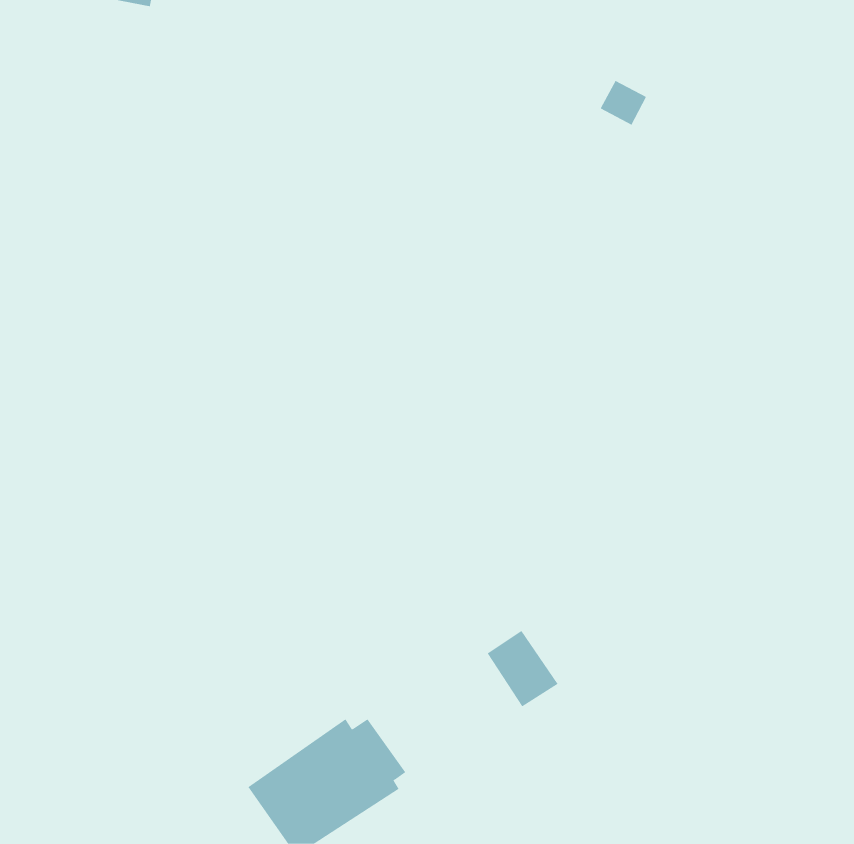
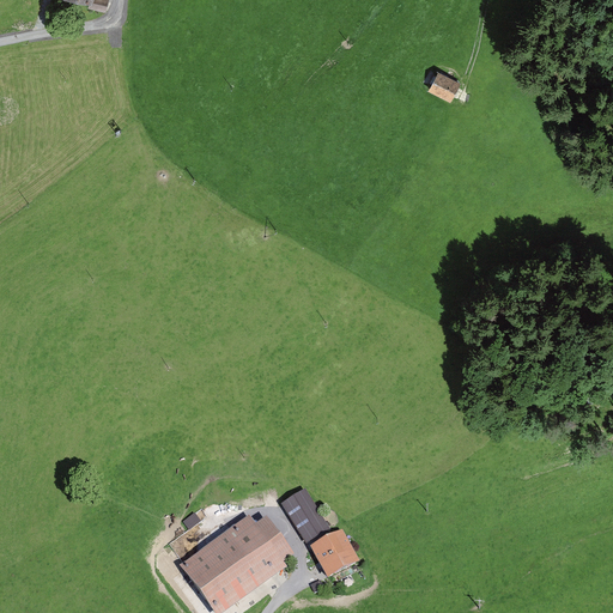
building: [487,630,559,707] -> [280,486,332,541]
building: none -> [310,528,356,575]

